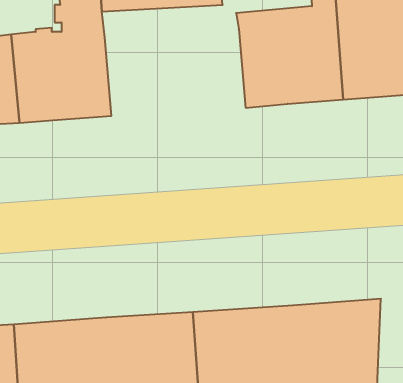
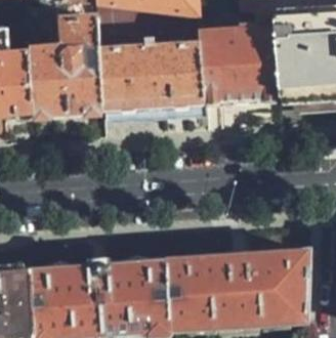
building: none -> [98,46,205,112]

